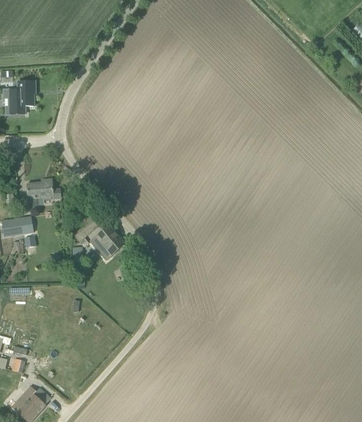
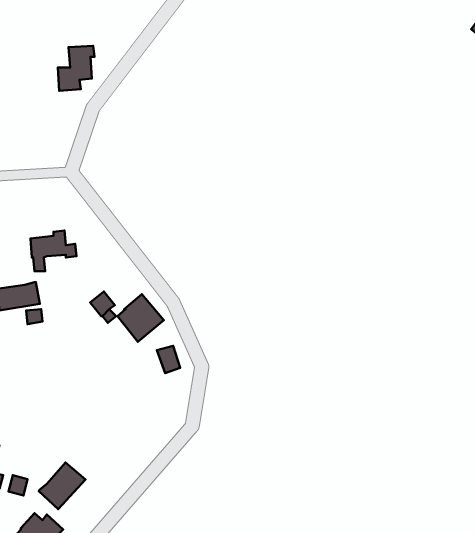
building: [9,80,36,113] -> [58,46,94,91]
building: none -> [39,462,85,509]

